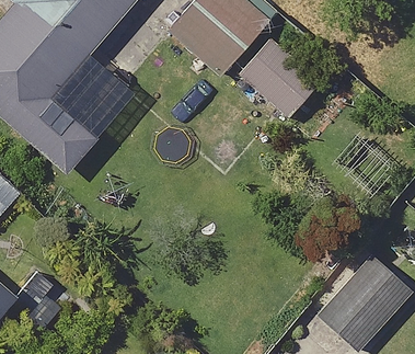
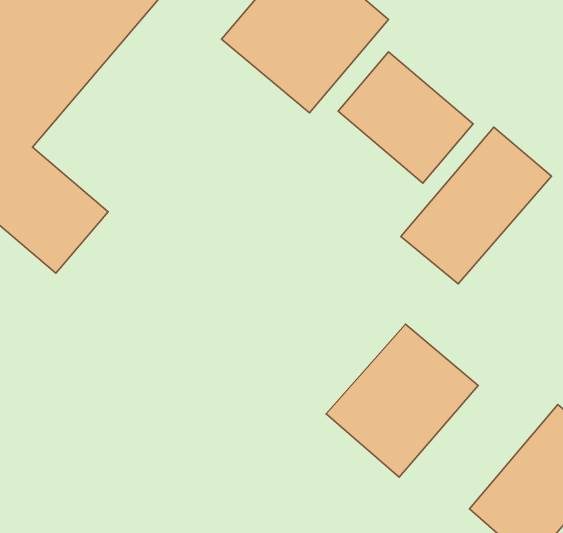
building: none -> [401,127,551,284]
building: none -> [326,324,478,477]

